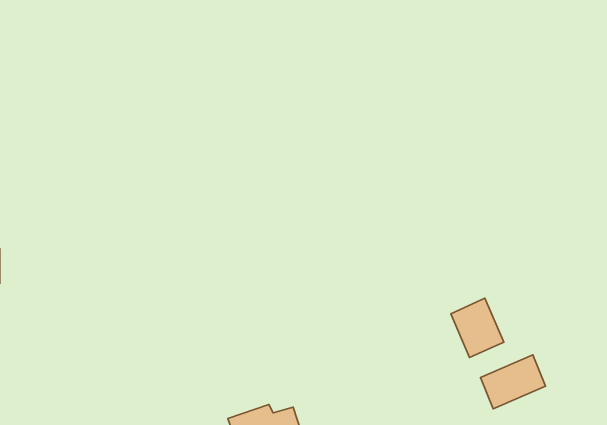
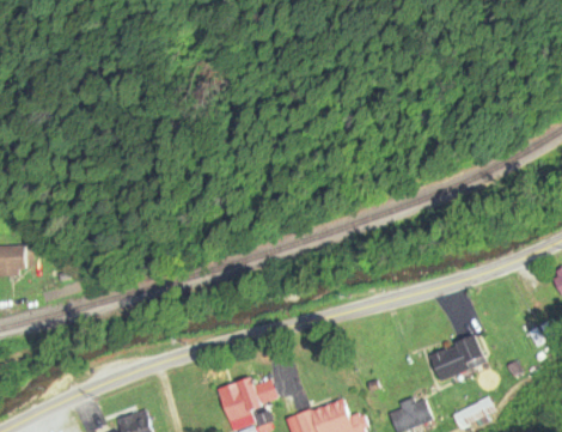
building: [451,298,504,358] -> none

